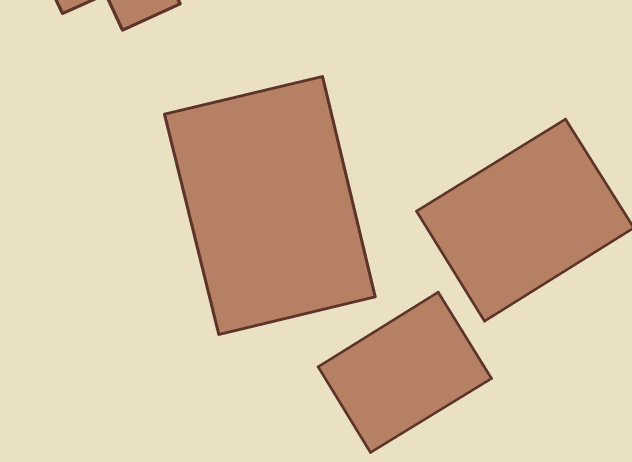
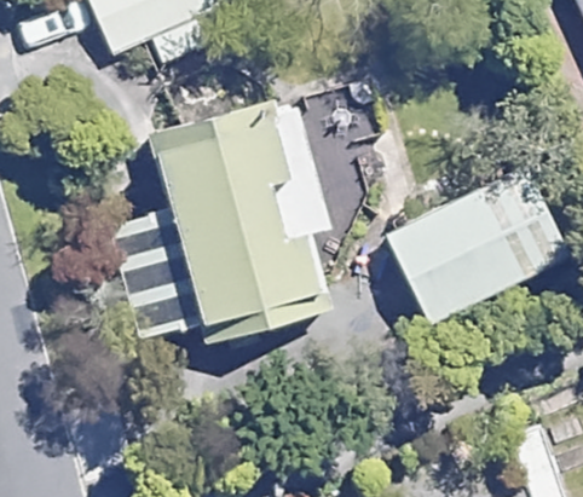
building: [318,292,492,452] -> none

